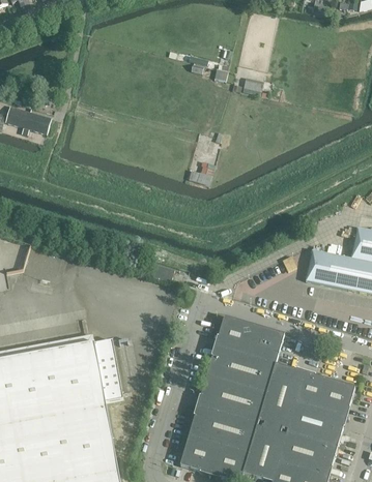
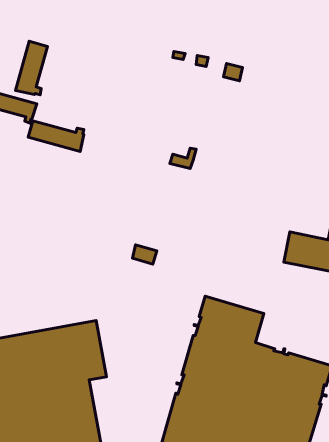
building: none -> [16,41,47,95]
building: none -> [28,121,84,151]

